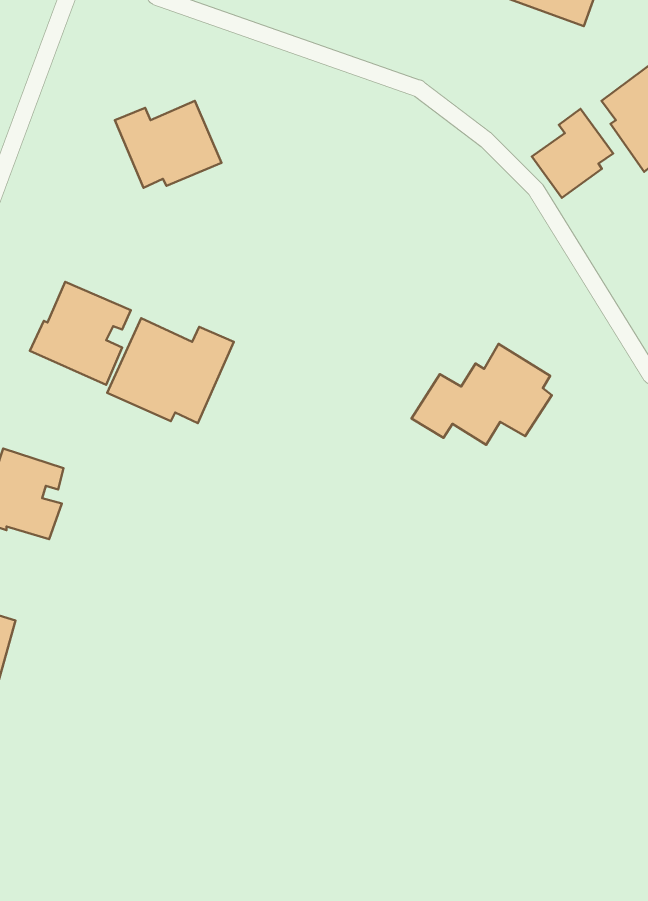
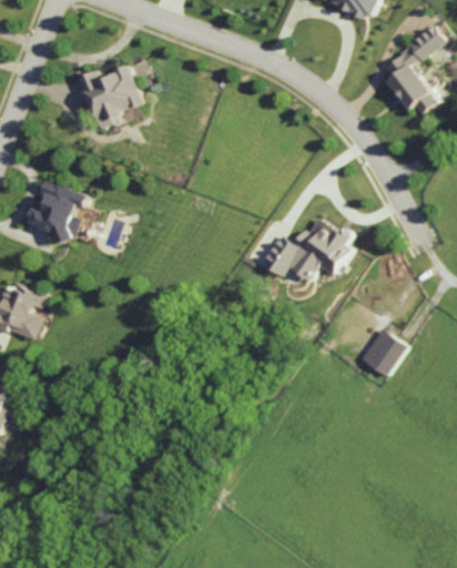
building: [532,109,613,198] -> none
building: [107,318,234,423] -> none
building: none -> [356,328,403,376]

